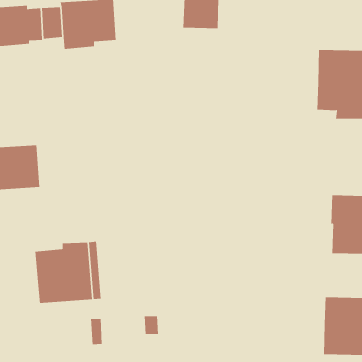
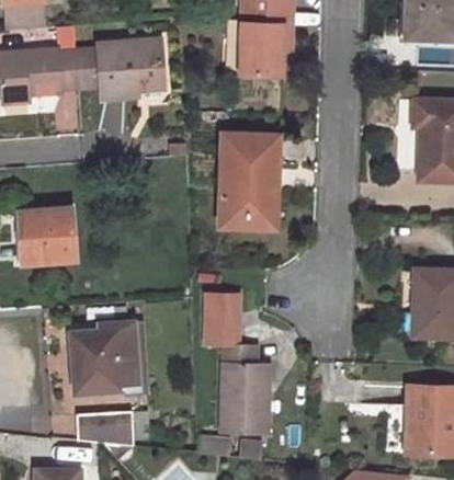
building: none -> [223,133,280,226]
building: none -> [204,293,270,433]
building: none -> [77,412,134,445]

